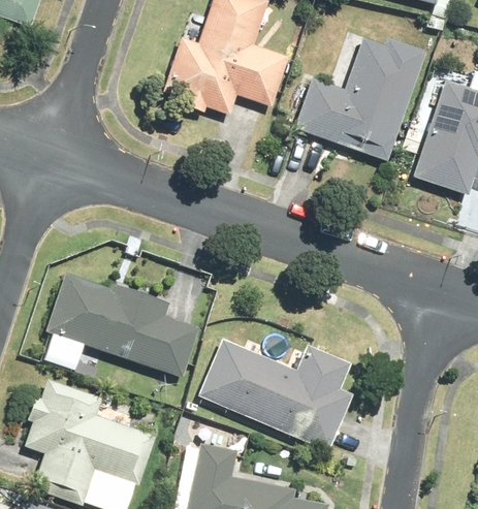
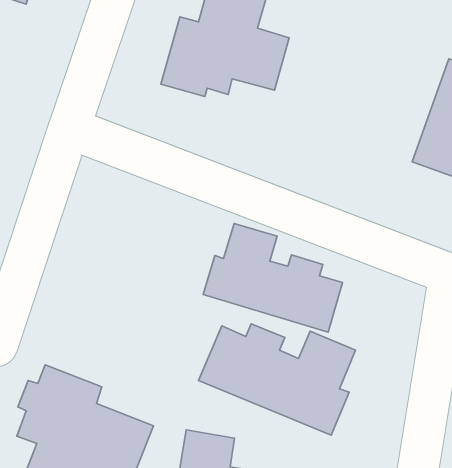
building: [288,26,432,160] -> none
building: none -> [203,224,343,332]
building: [50,278,197,373] -> none

